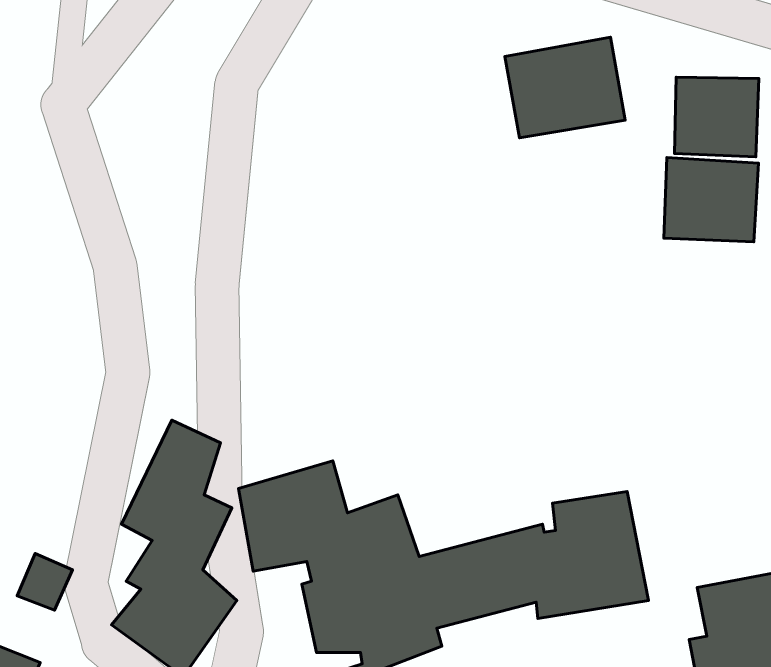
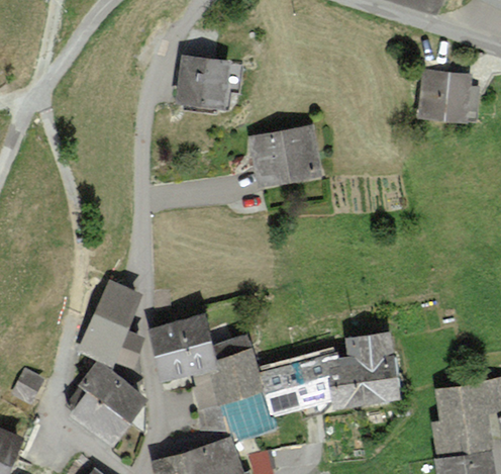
building: [505,37,625,138] -> [248,125,323,188]
building: none -> [178,55,233,108]
building: [664,158,758,242] -> none

